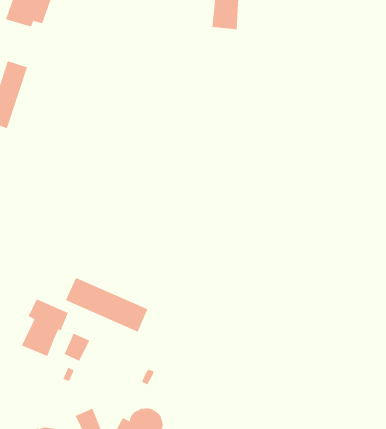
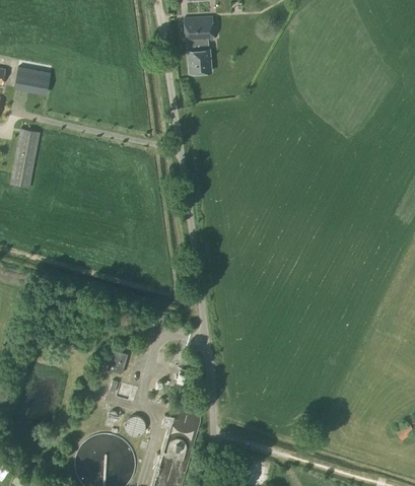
building: [65,277,148,332] -> none
building: [21,298,68,357] -> none

